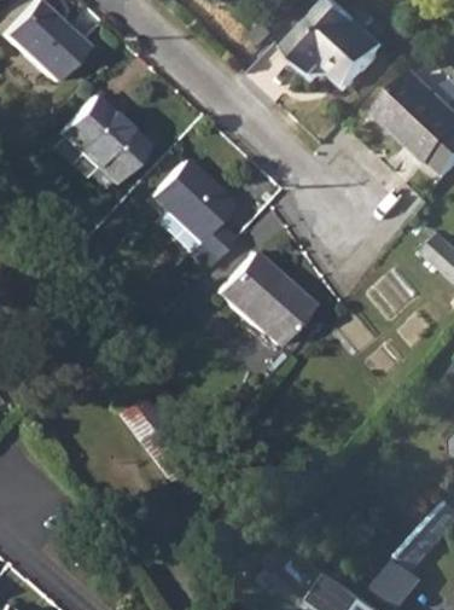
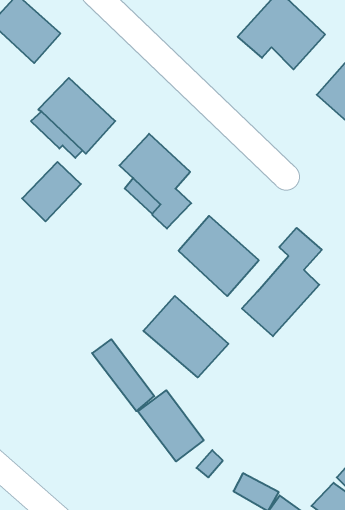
building: none -> [22,162,81,221]
building: none -> [242,228,322,336]
building: none -> [143,296,228,377]
building: none -> [138,390,204,461]

